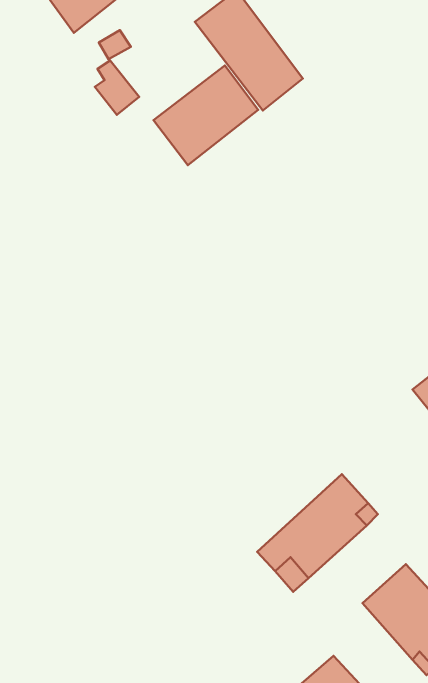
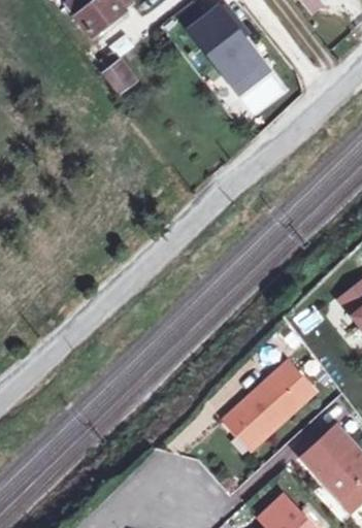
building: [153,65,258,165] -> none

